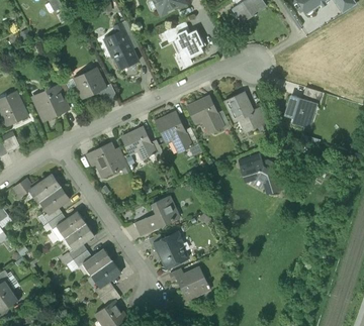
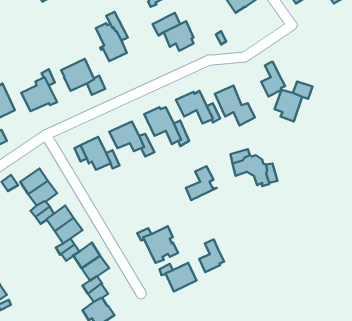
building: none -> [261,62,285,96]
building: [146,197,176,230] -> [186,166,217,200]
building: none -> [199,240,224,272]

